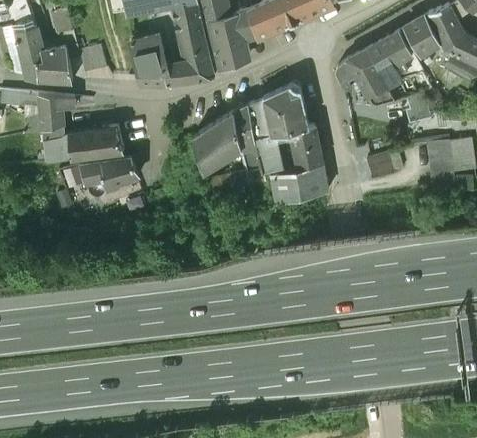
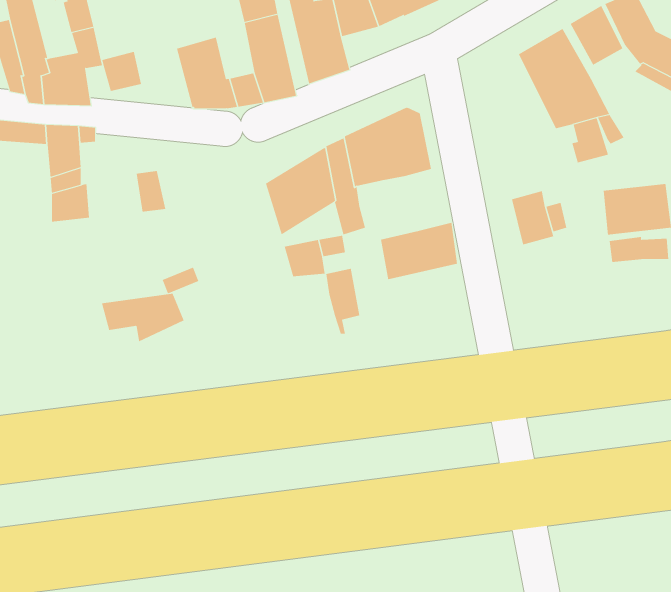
building: [335,48,395,107] -> none
building: [290,126,322,171] -> none
building: [68,131,106,162] -> none
building: [256,136,280,182] -> [326,268,360,334]
building: [79,161,137,195] -> [101,293,185,342]

